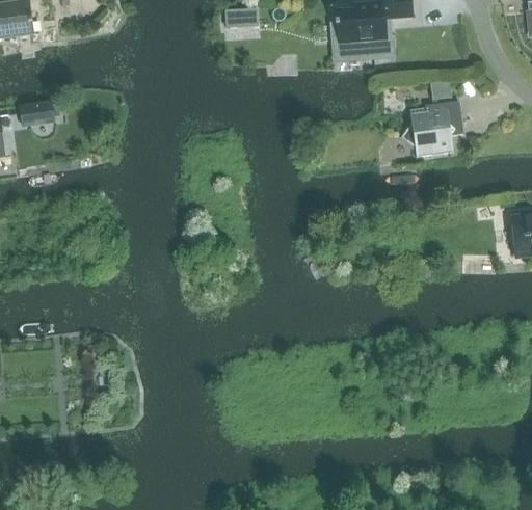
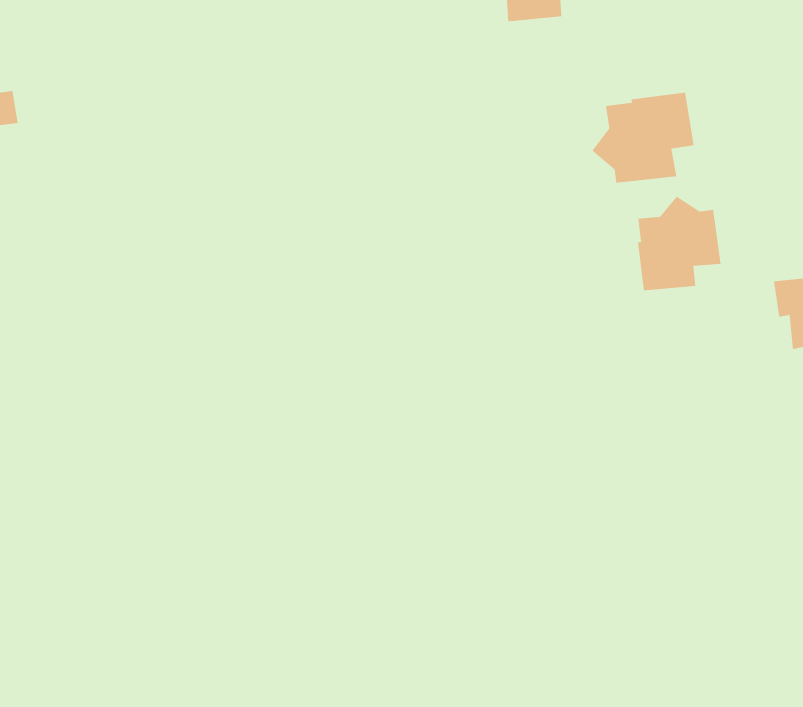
building: none -> [637,196,721,291]

